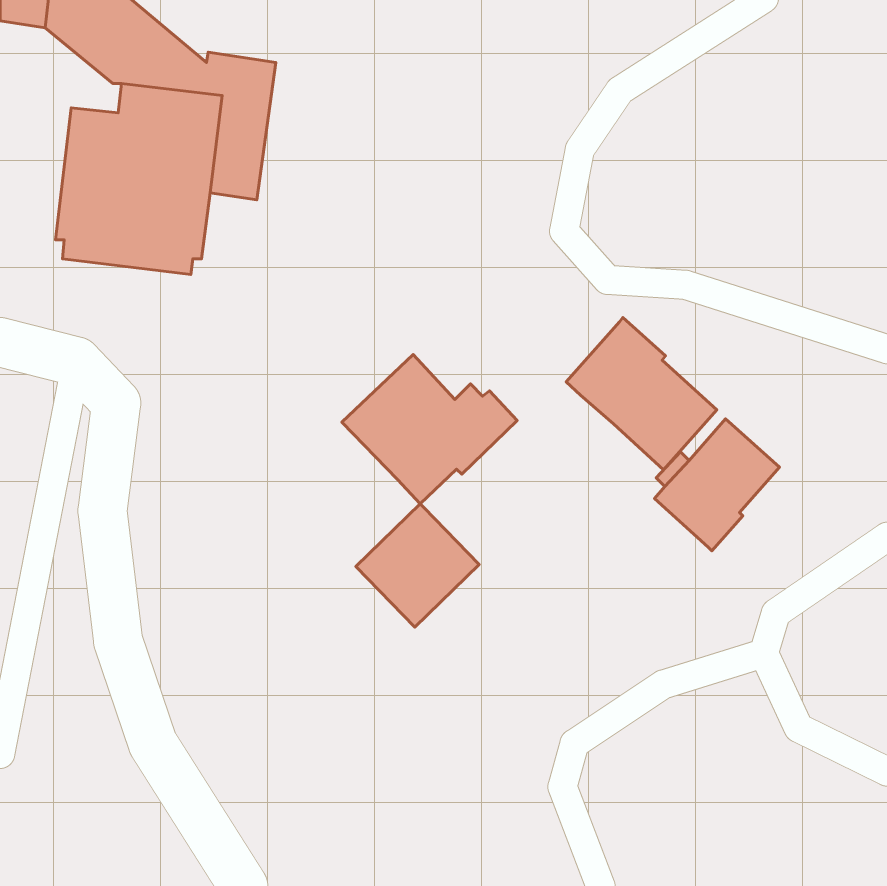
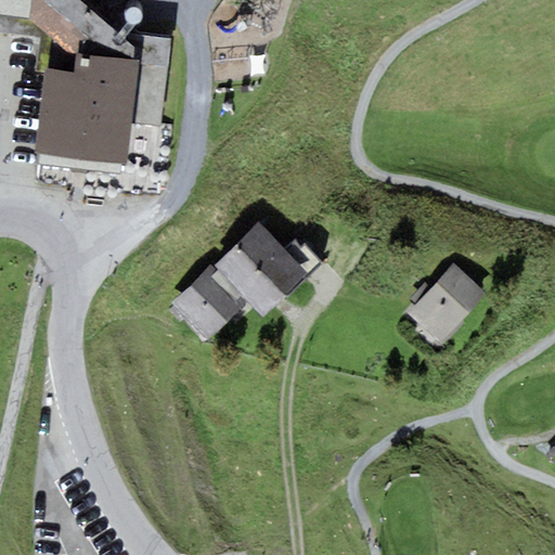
building: [566,318,717,470] -> none
building: [356,504,479,627] -> [171,261,248,338]

